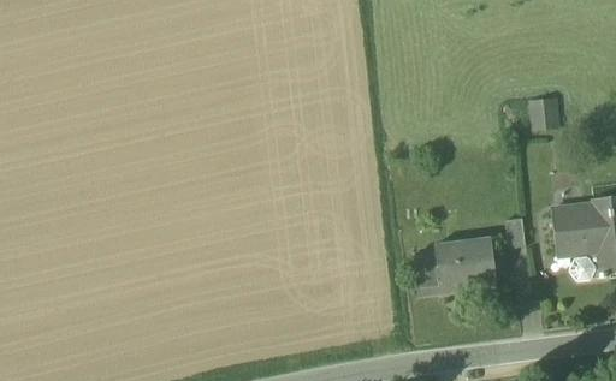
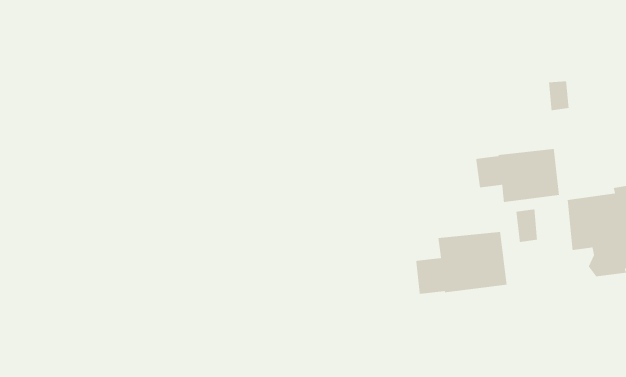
building: none -> [475,148,560,203]

